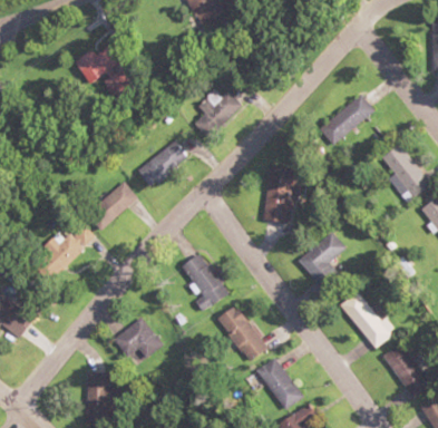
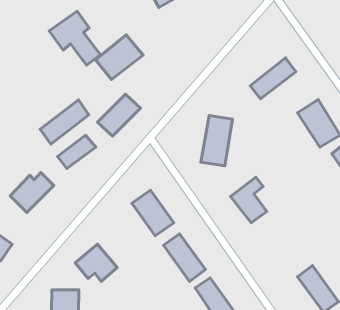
building: [187,82,244,136] -> [96,35,143,79]
building: none -> [40,100,89,144]
building: [341,295,388,348] -> none

